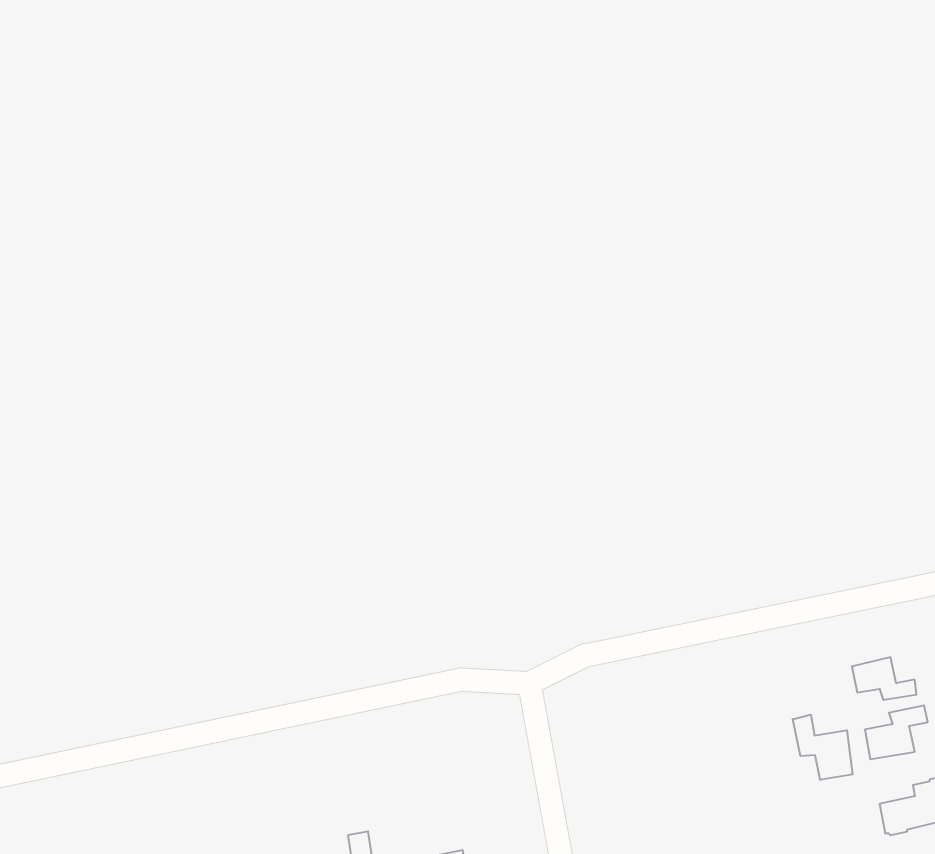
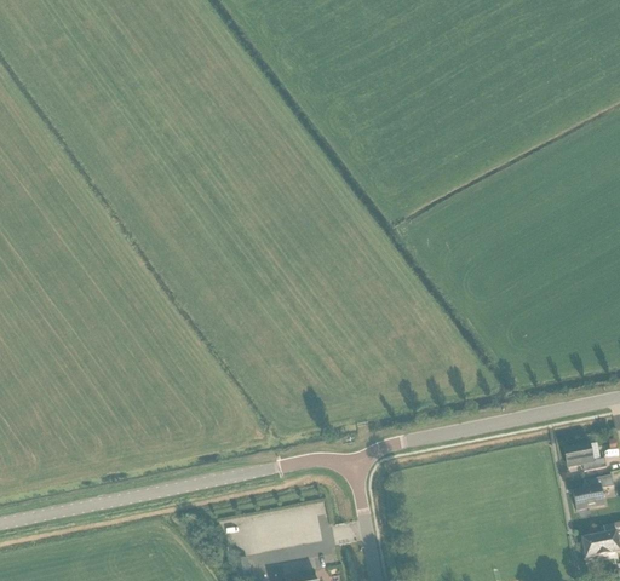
building: [793,715,853,780] -> none

